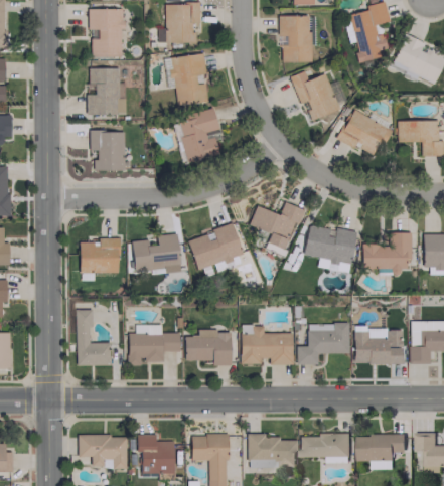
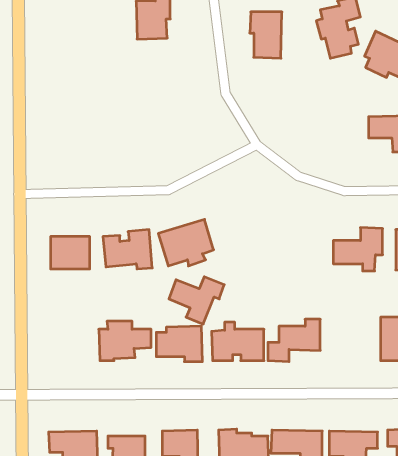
building: [90,9,123,57] -> none
building: [170,53,207,106] -> none
building: [87,68,126,115] -> none
building: [290,70,339,120] -> none
building: [179,109,218,162] -> none
building: [337,109,393,155] -> none
building: [90,131,125,171] -> none
building: [250,202,305,250] -> [169,277,224,324]
building: [304,223,356,273] -> none
building: [76,310,111,365] -> none
building: [354,328,404,364] -> none

